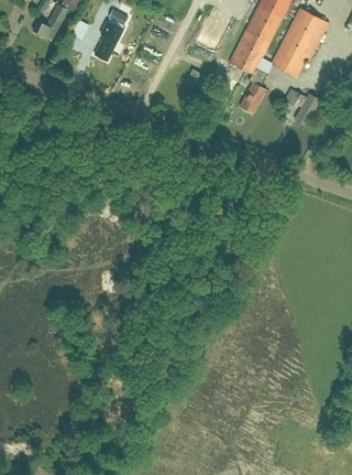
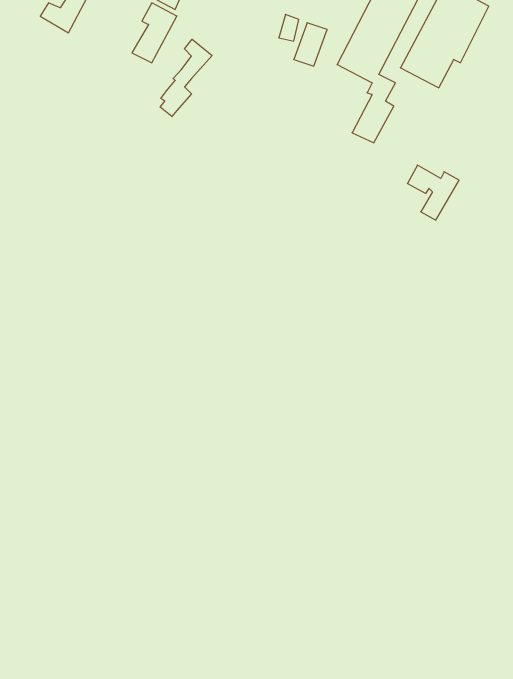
building: none -> [160,39,212,117]
building: [285,89,319,126] -> [407,165,459,220]

